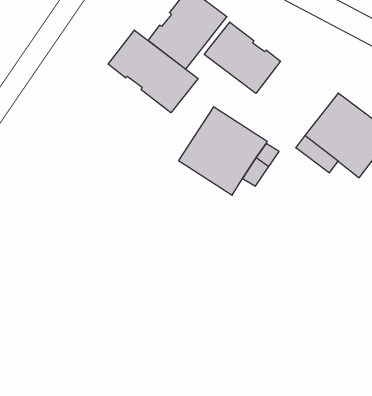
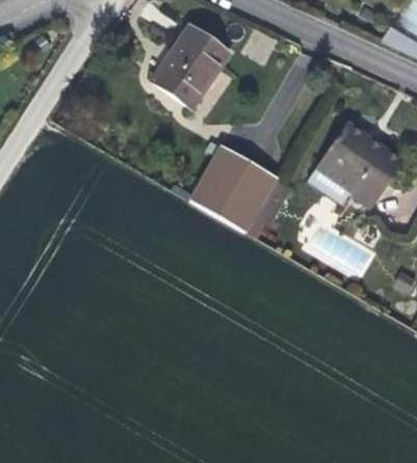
building: [204,22,280,93] -> none
building: [108,30,198,113] -> none

